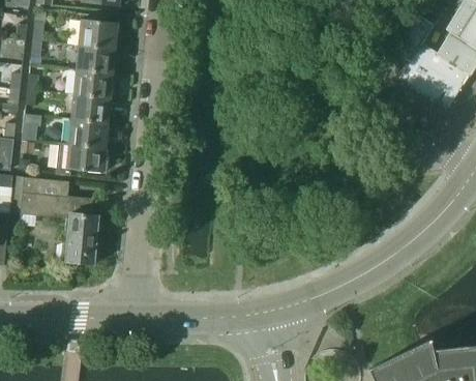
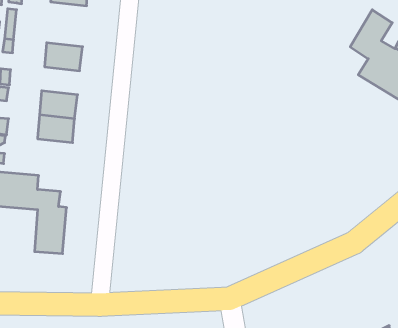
building: [77,20,116,50] -> none
building: [71,70,111,99] -> none
building: [54,143,103,176] -> none

